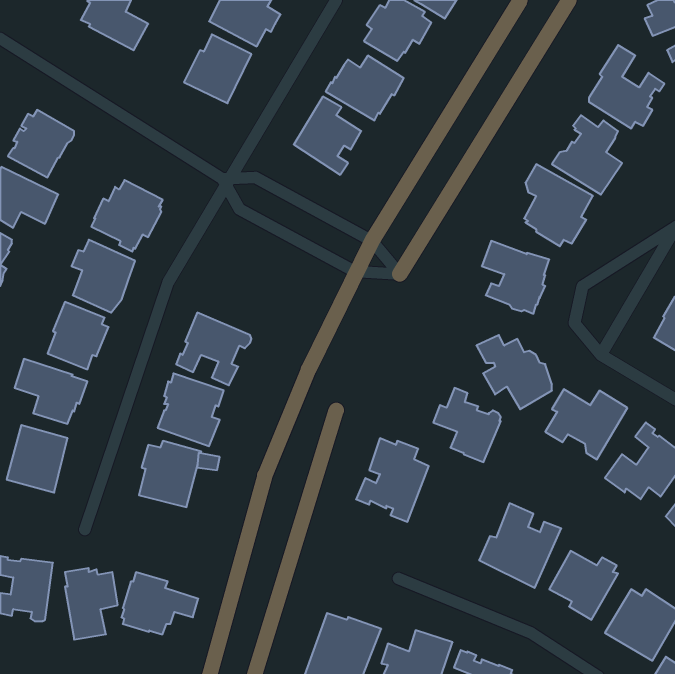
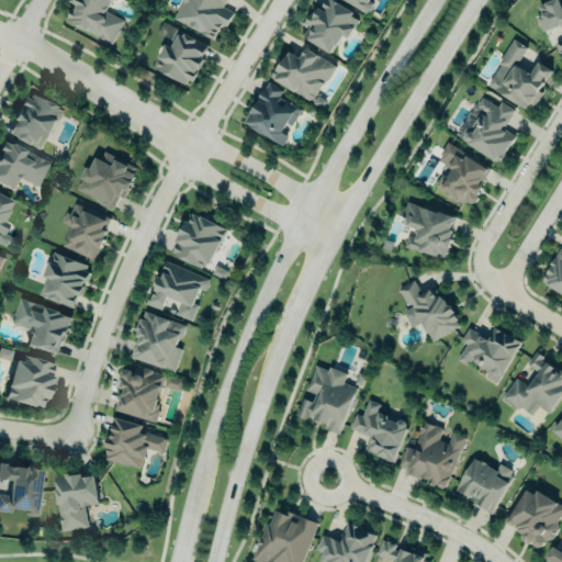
building: none -> [171,213,226,271]
building: [433,388,501,462] -> [351,401,407,462]
building: [121,572,198,634] -> [105,417,169,469]

